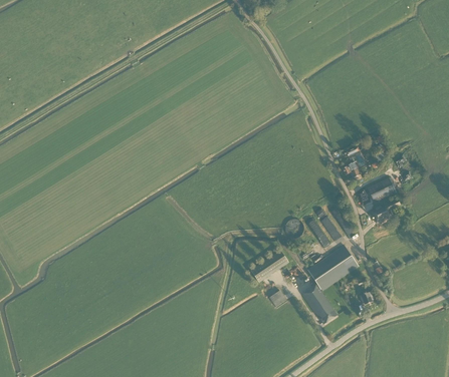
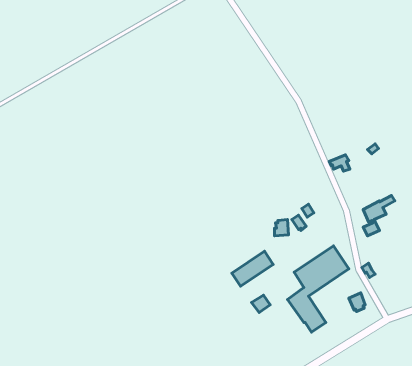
building: [368,177,396,203] -> none

